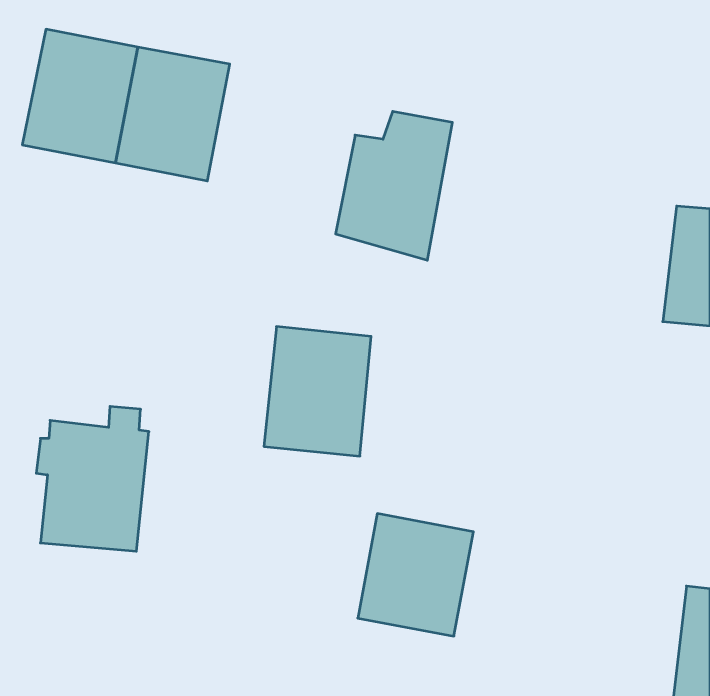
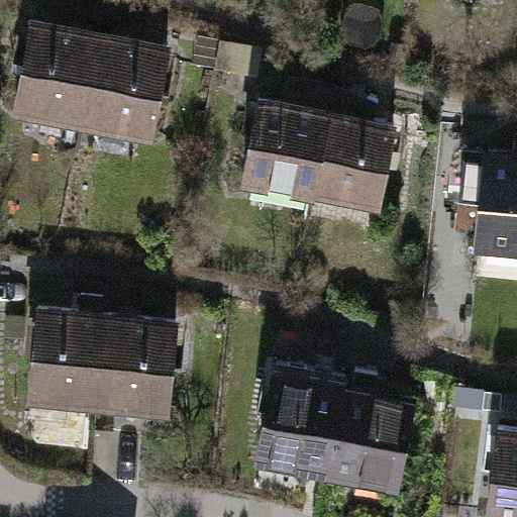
building: none -> [310,100,396,209]
building: [264,327,371,456] -> [99,324,177,418]
building: none -> [329,397,411,486]

